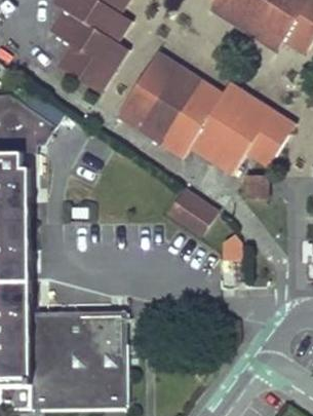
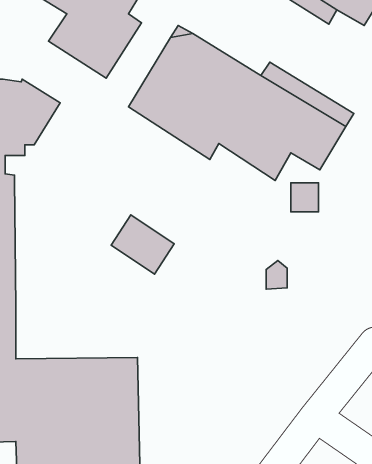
building: [168,190,218,236] -> [111,215,174,274]

